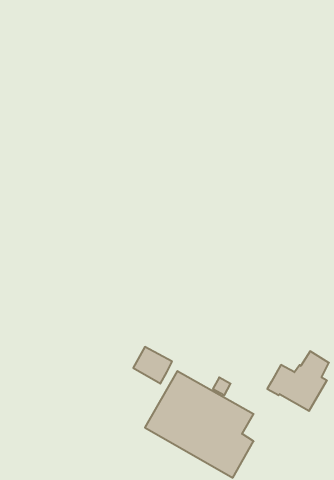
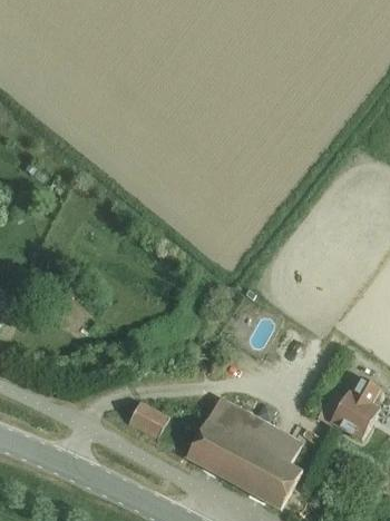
building: [133,347,172,384] -> [128,400,169,439]

